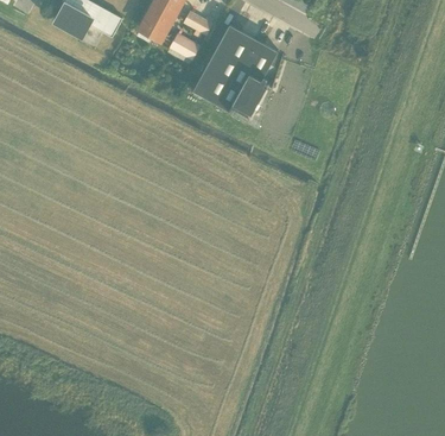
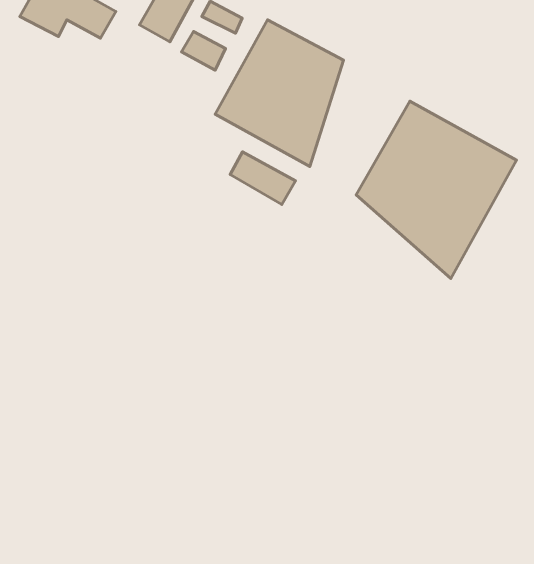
building: none -> [356,101,517,279]
building: none -> [230,152,295,204]

